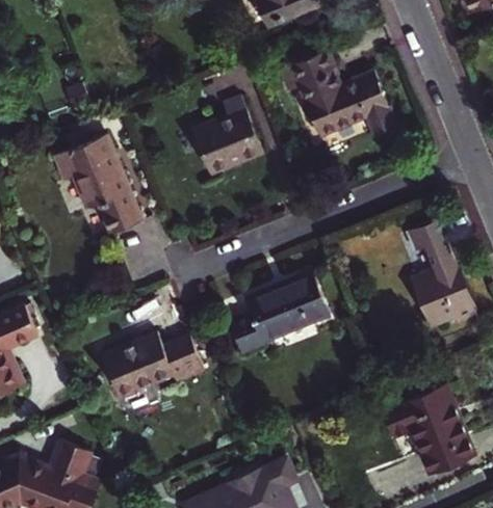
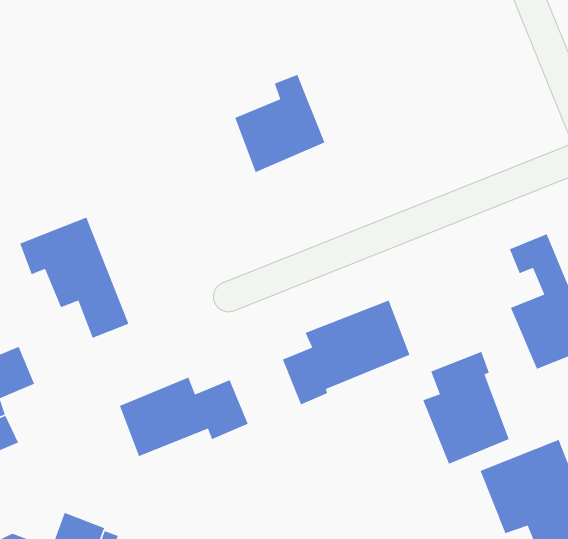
building: [278,46,395,130] -> none
building: [56,133,142,229] -> [19,217,129,339]
building: none -> [422,351,510,465]

